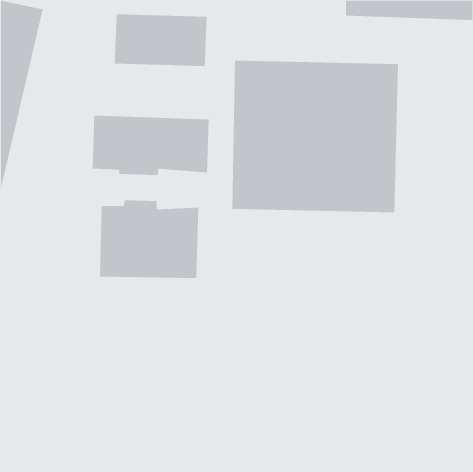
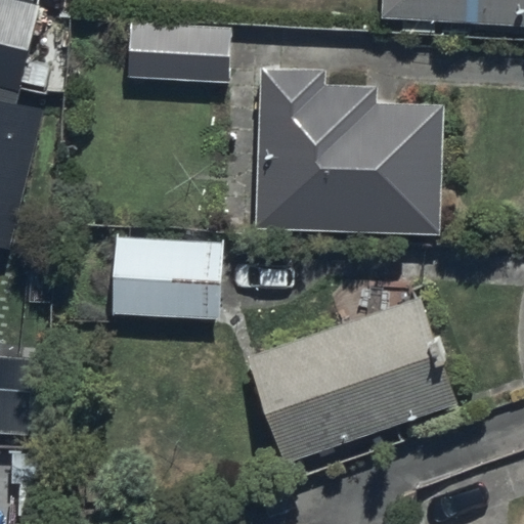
building: [92,115,209,176] -> none
building: none -> [246,302,455,469]

